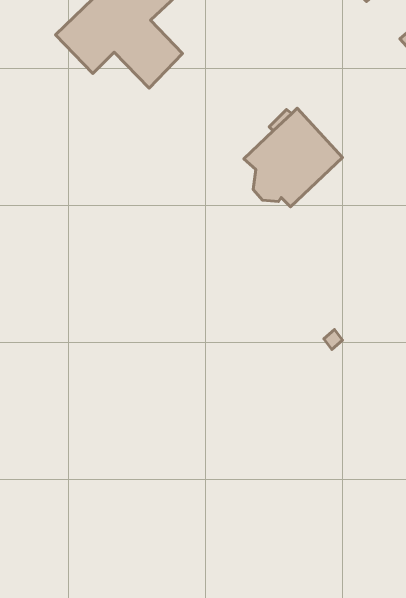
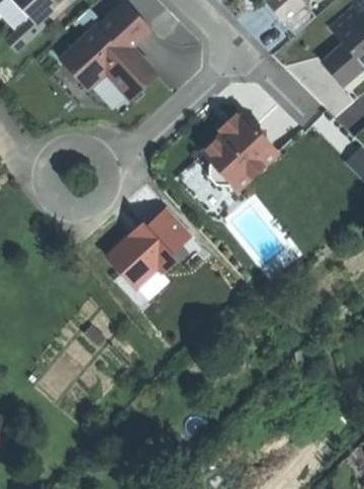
building: none -> [110,199,206,292]

